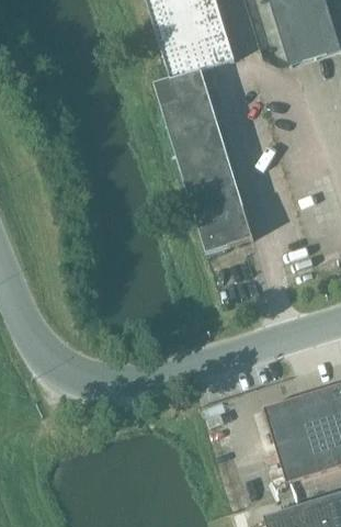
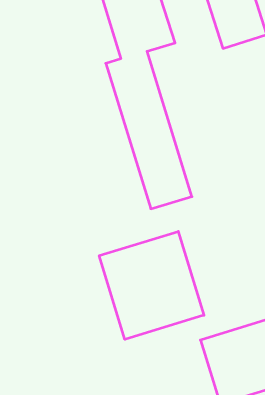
building: none -> [99,231,204,339]

